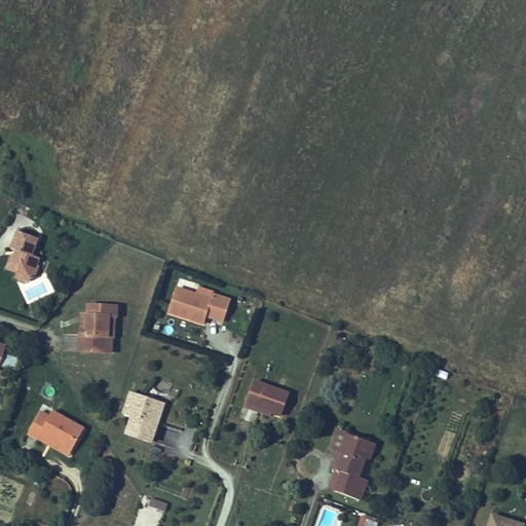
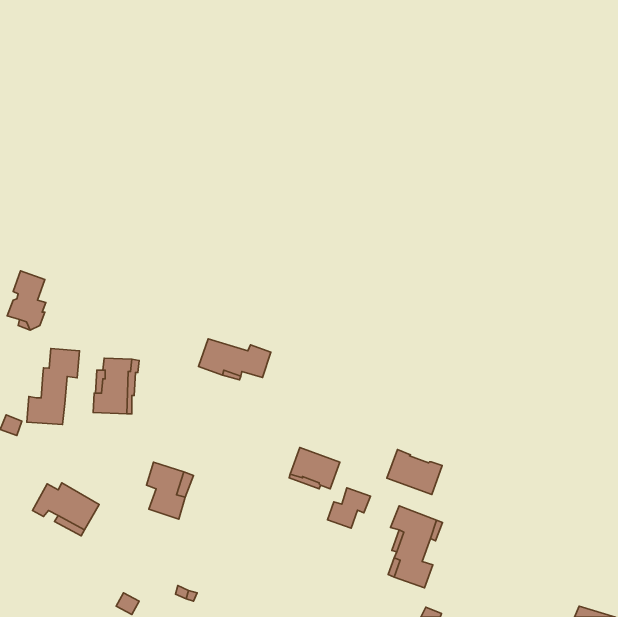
building: none -> [27,348,79,424]
building: none -> [387,449,442,494]
building: none -> [327,488,371,528]

